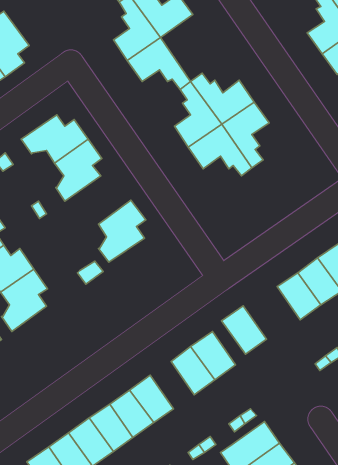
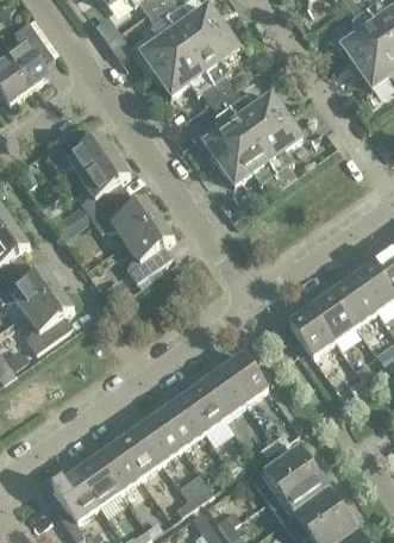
building: none -> [189,24,238,93]
building: none -> [90,191,158,241]
building: [221,306,266,354] -> [287,305,333,355]
building: none -> [179,382,224,431]

